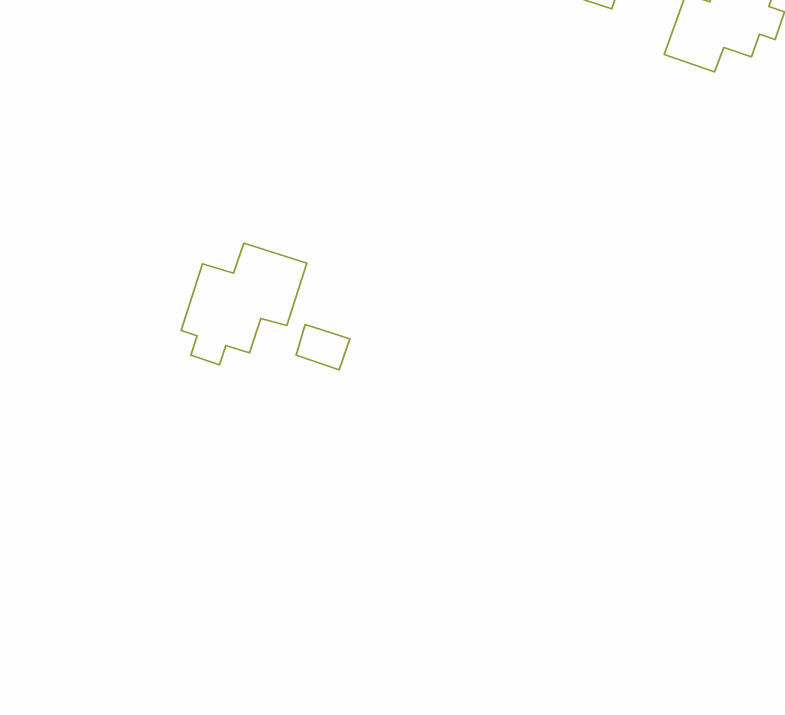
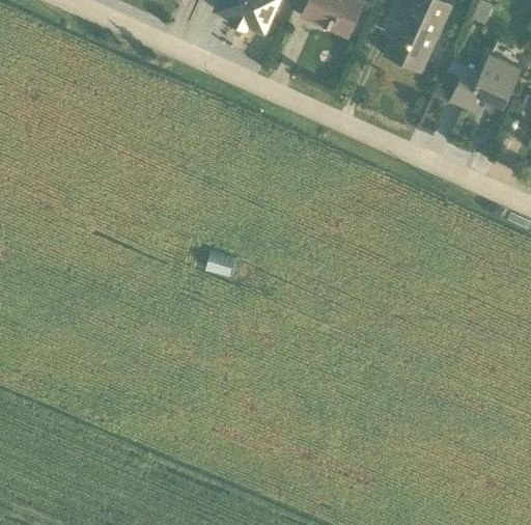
building: [181,243,307,365] -> none

